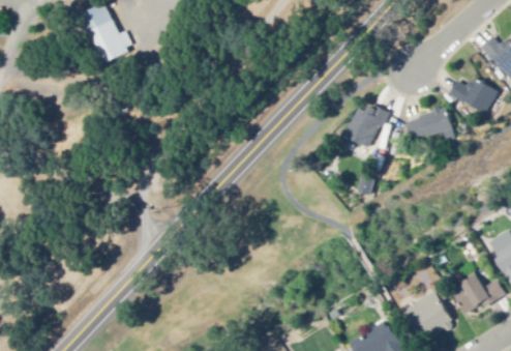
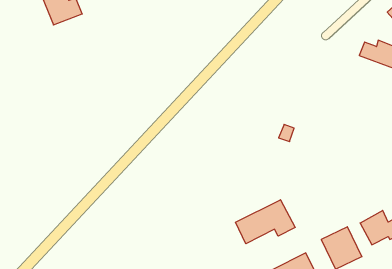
building: [344,103,388,148] -> none
building: [405,106,456,142] -> none
building: none -> [236,200,295,244]

